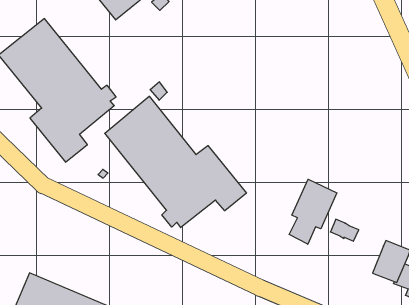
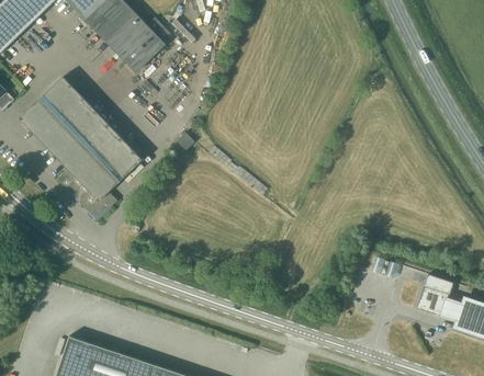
building: [105,96,246,228] -> none
building: [289,179,337,244] -> none

